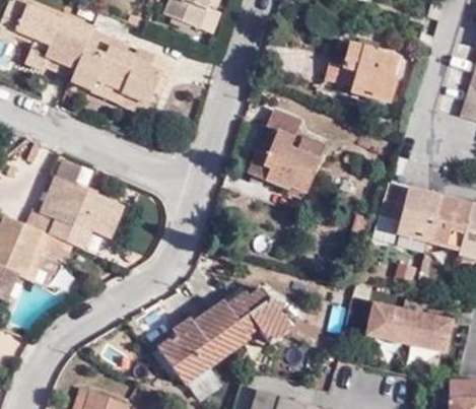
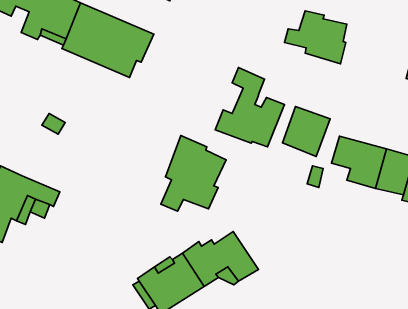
building: none -> [283,106,330,157]
building: [31,178,130,251] -> none
building: none -> [161,136,226,211]
building: [360,295,452,349] -> none

